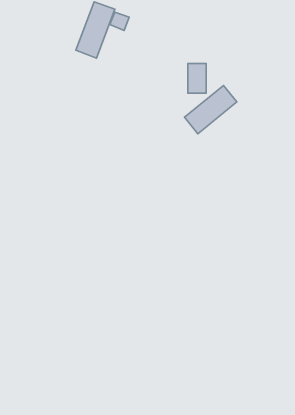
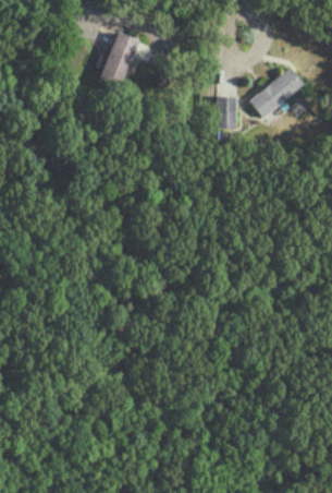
building: [185,86,237,134] -> [248,67,304,118]

